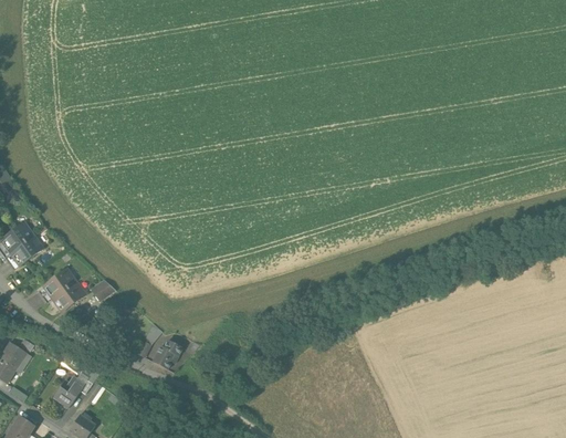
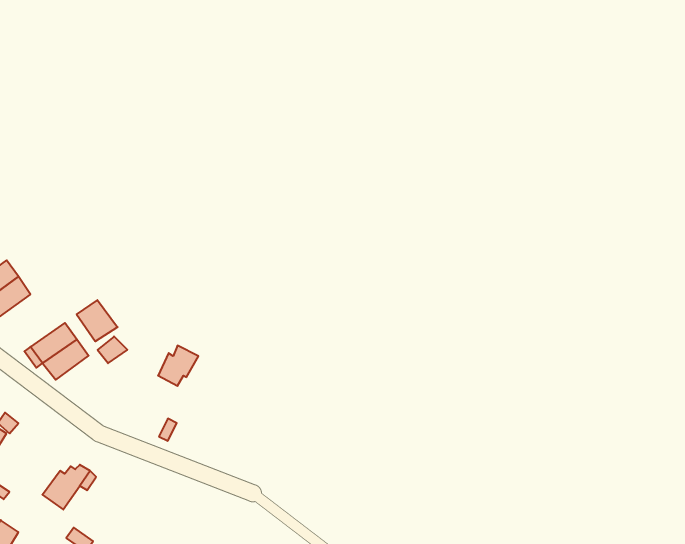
building: none -> [77,300,118,341]
building: [153,340,182,369] -> [158,346,198,386]

